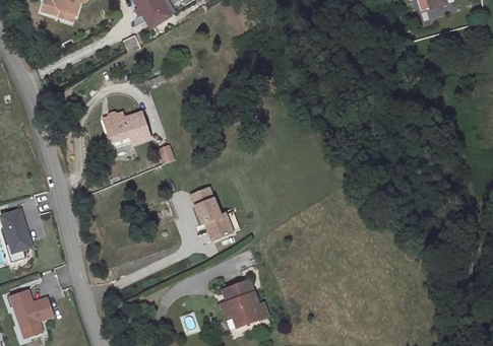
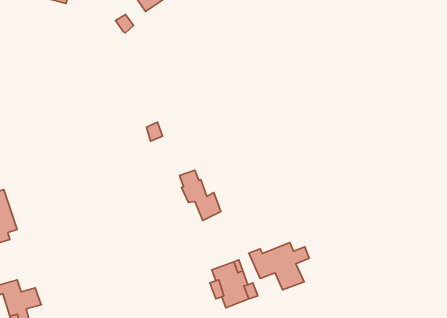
building: [102,105,150,143] -> none
building: none -> [249,243,309,290]

